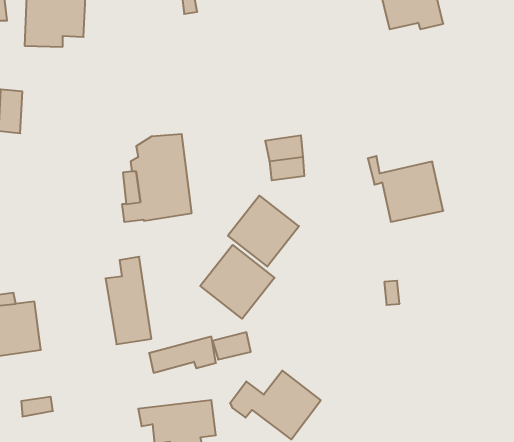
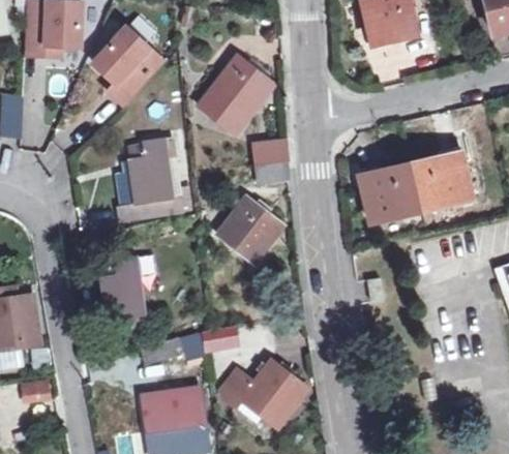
building: none -> [92,26,163,104]
building: none -> [198,55,272,133]
building: none -> [410,133,472,210]
building: [200,245,275,319] -> none

